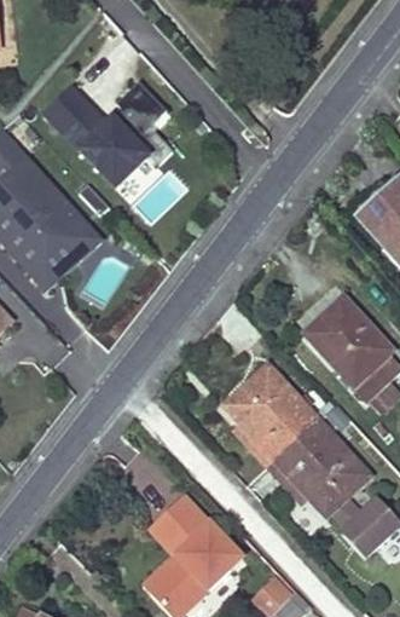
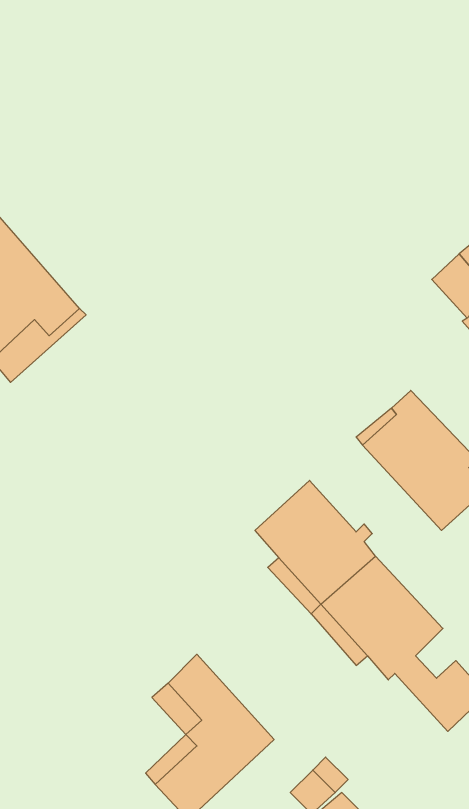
building: [45,80,169,190] -> none

